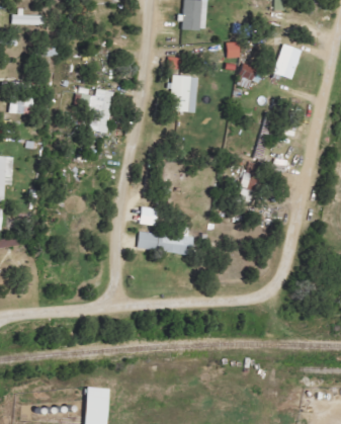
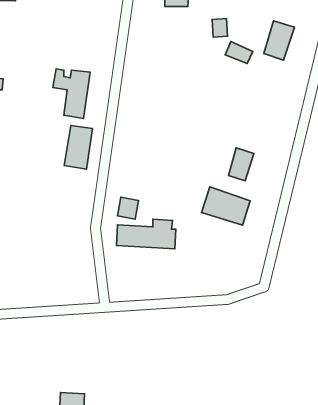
building: [171,75,196,112] -> none
building: none -> [64,125,92,169]
building: none -> [201,187,250,225]

